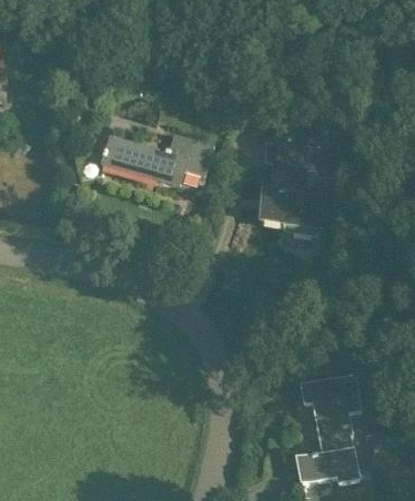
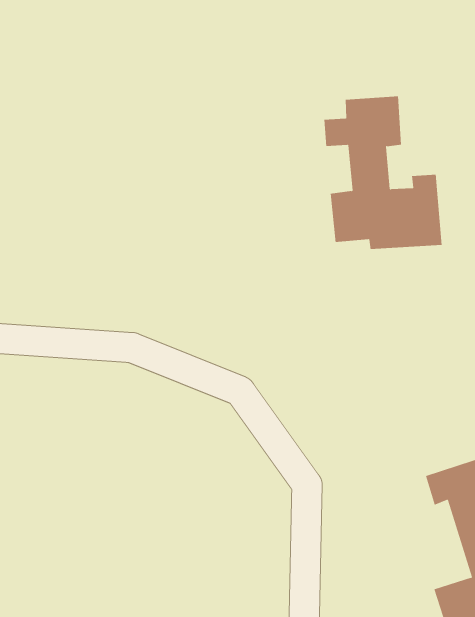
building: [101,135,212,190] -> none

